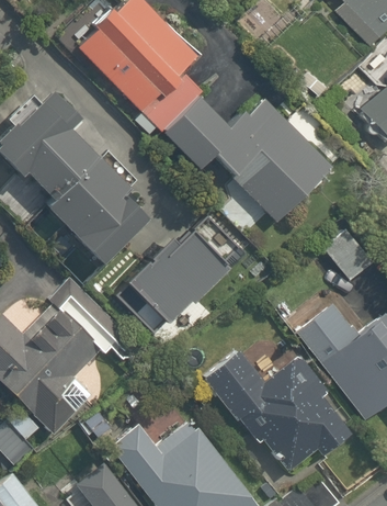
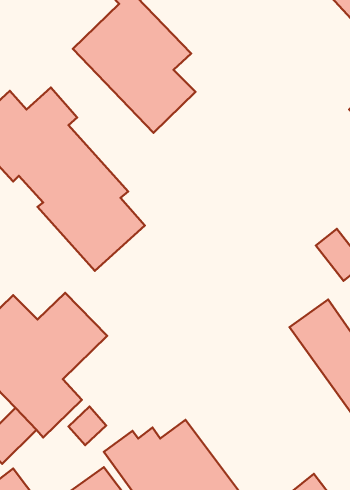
building: [161,93,333,223] -> none
building: [115,220,240,337] -> none
building: [203,350,348,475] -> none

